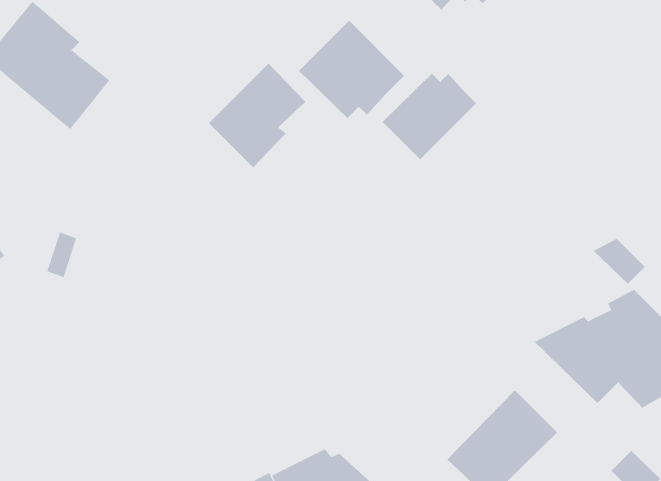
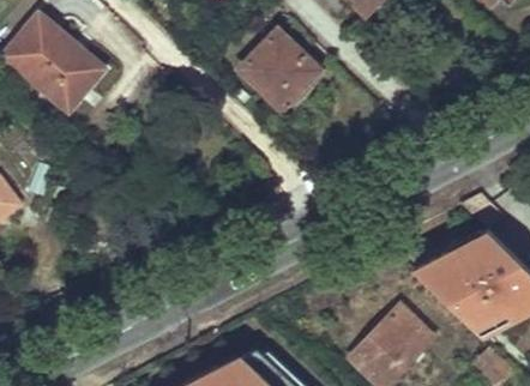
building: [208,63,306,168] -> none
building: [382,73,477,160] -> none

